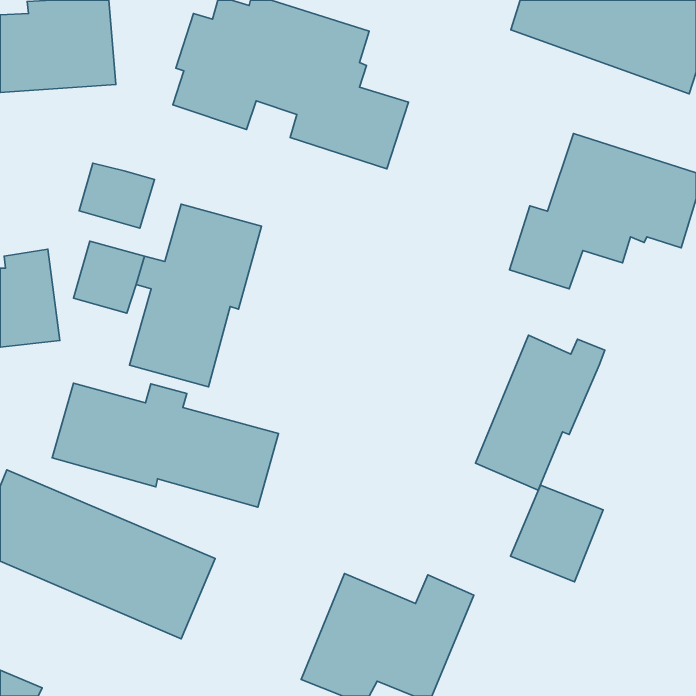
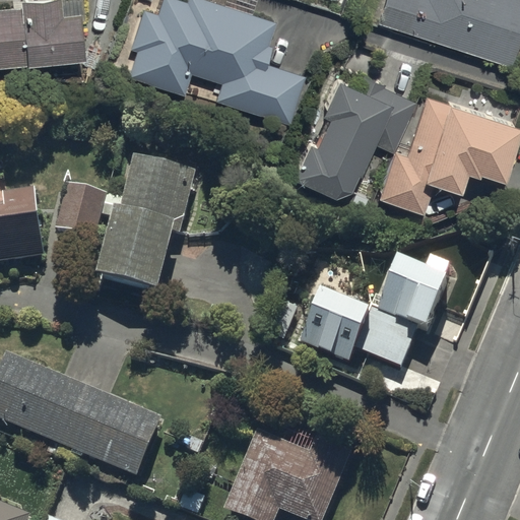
building: none -> [295,76,417,201]
building: [79,163,154,228] -> none
building: [52,383,279,507] -> none
building: [511,485,603,582] -> [301,286,370,359]

